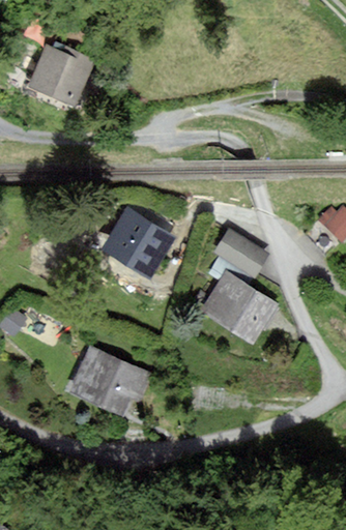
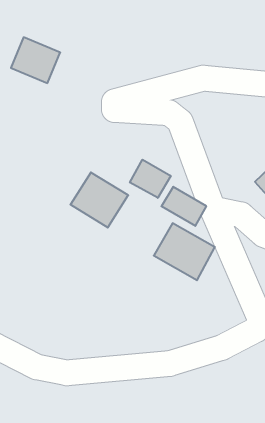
building: none -> [130,160,171,198]
building: [67,347,146,416] -> none

